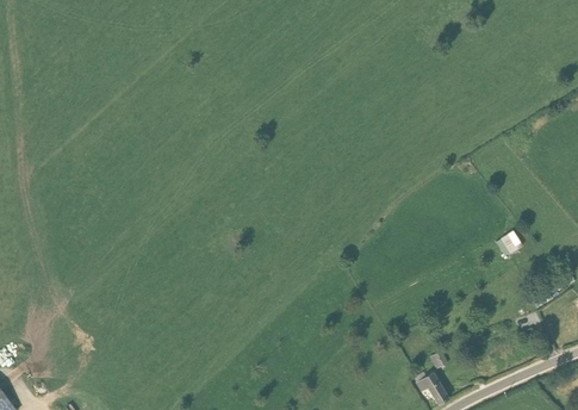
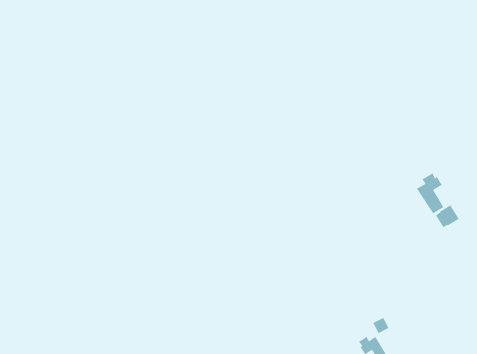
building: none -> [416,172,444,214]

